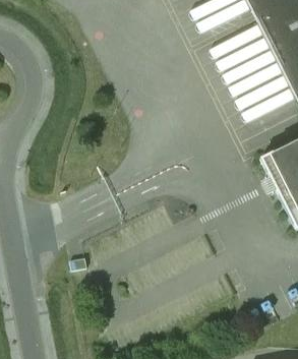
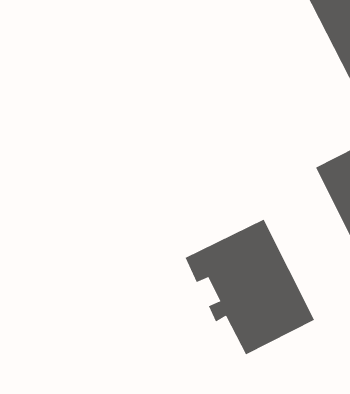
building: none -> [185,219,315,355]

